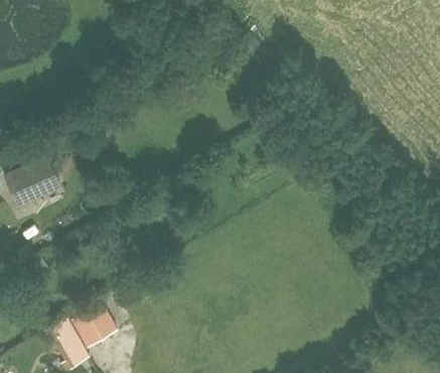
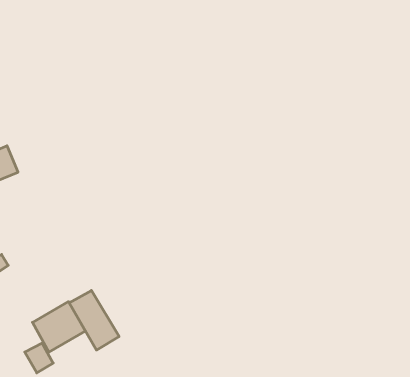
building: none -> [69,290,119,350]

